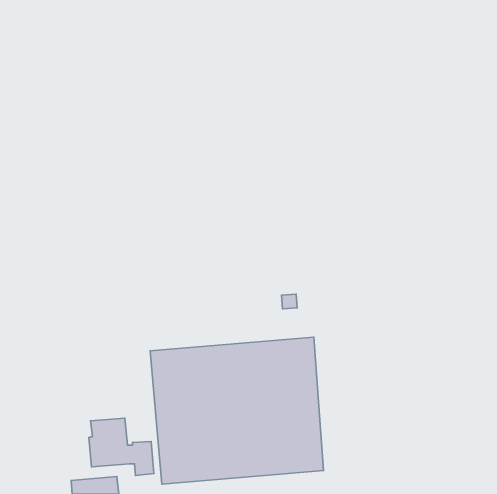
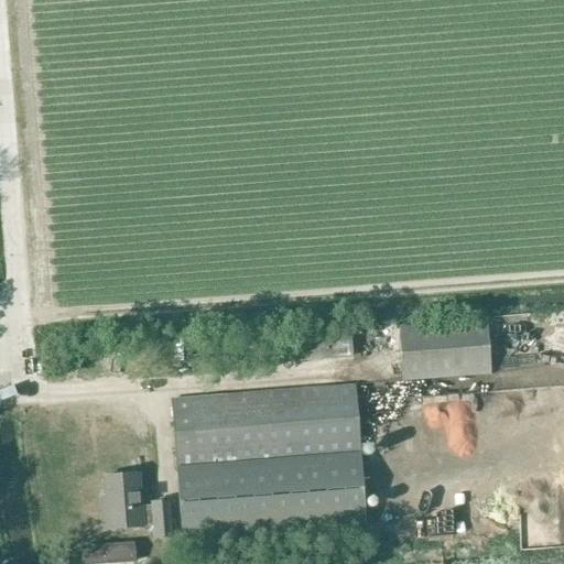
building: none -> [399,318,492,381]

